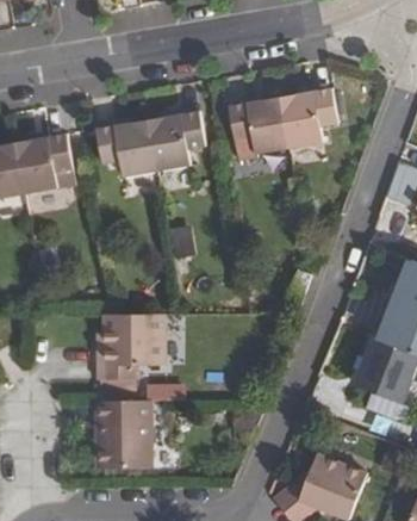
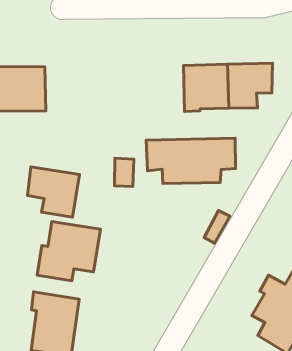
building: [95,110,205,176] -> [146,138,235,184]
building: none -> [28,167,79,217]

